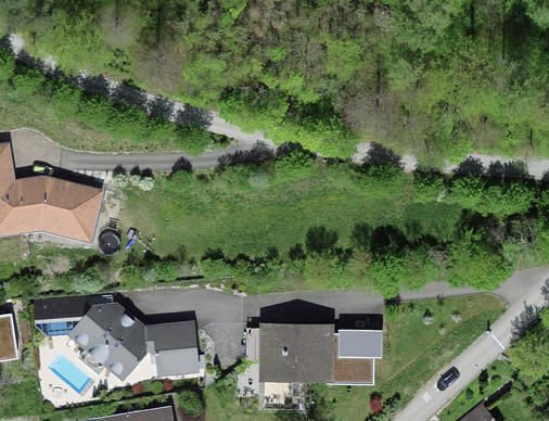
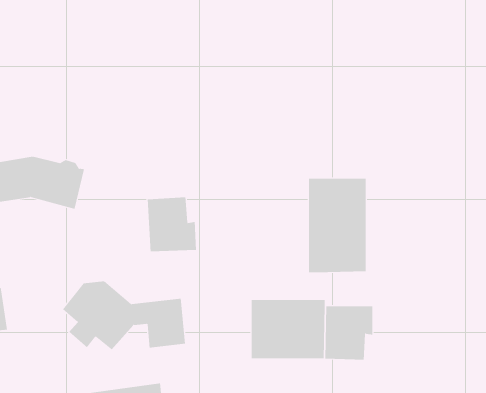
building: none -> [308,178,366,273]
building: none -> [147,196,196,252]

